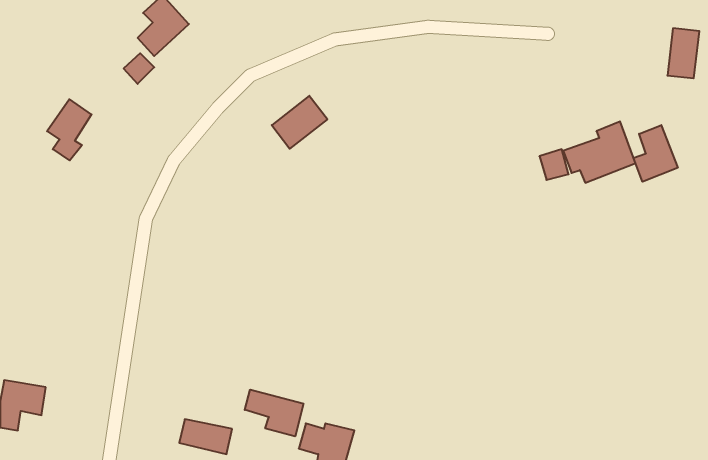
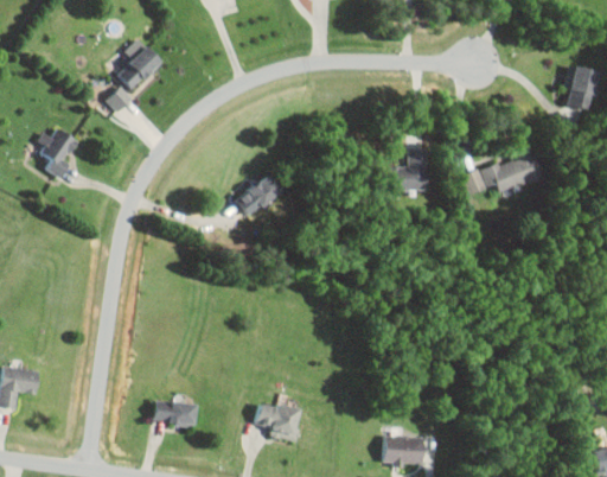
building: [272,96,327,149] -> [236,173,283,218]
building: [633,125,678,182] -> none
building: none -> [394,148,428,191]
building: [245,390,303,436] -> none

